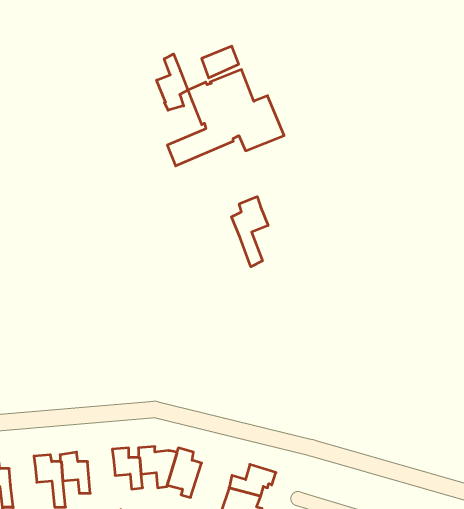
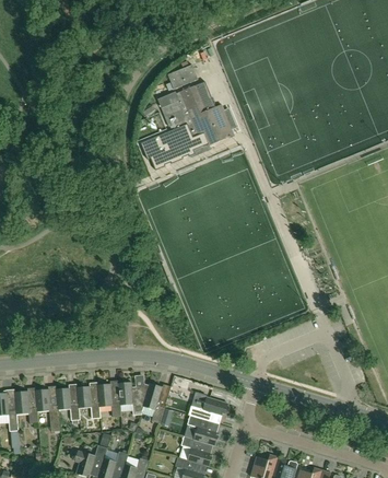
building: [157,54,188,110] -> none
building: [231,197,268,267] -> none
building: none -> [77,386,101,419]
building: none -> [14,392,38,424]

